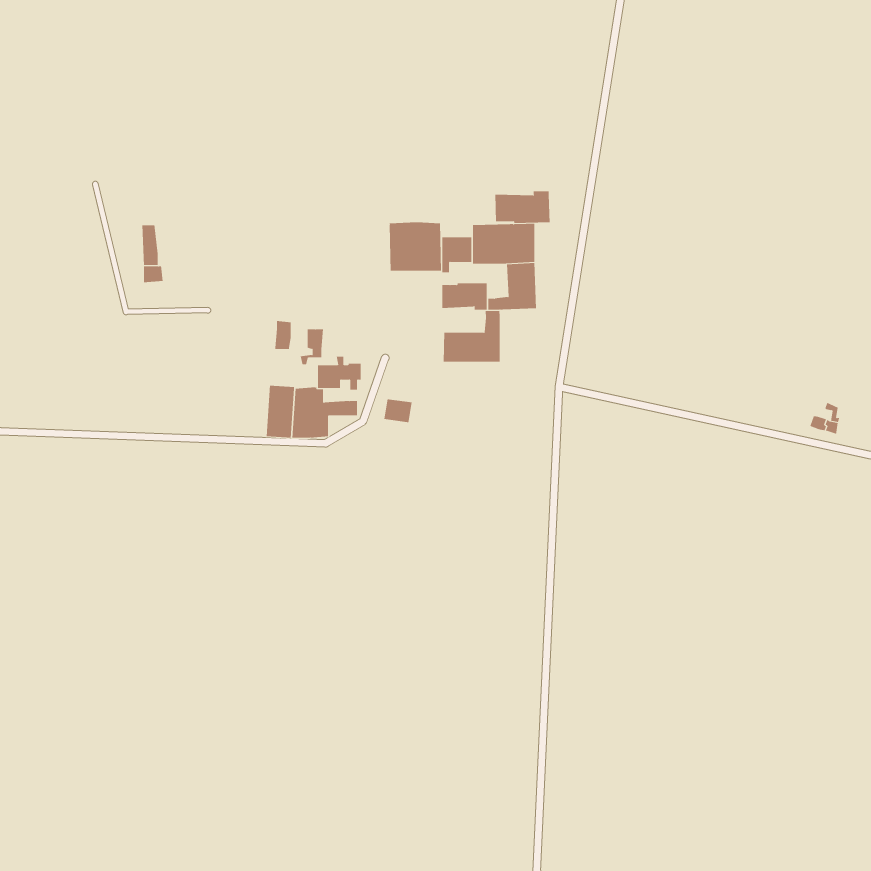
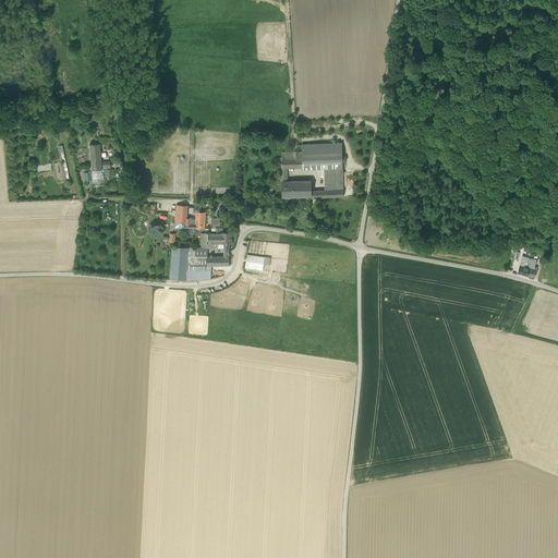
building: [495,190,550,224] -> none
building: [389,222,441,271] -> none
building: [443,310,500,362] -> none

